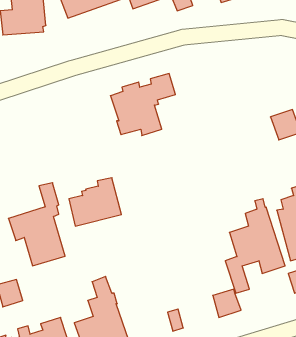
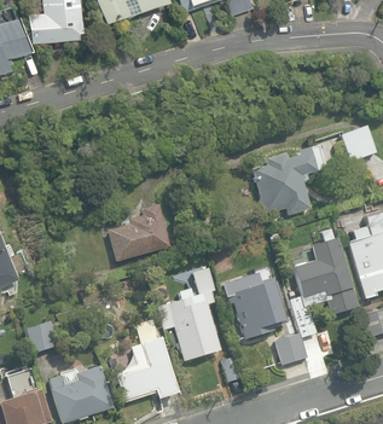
building: [110,74,175,136] -> [251,145,326,216]
building: [8,183,65,266] -> [156,266,221,361]
building: none -> [222,273,286,339]

